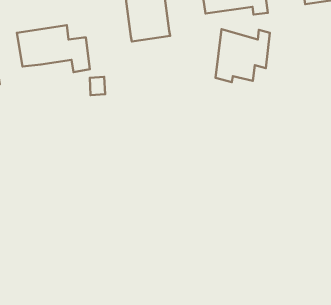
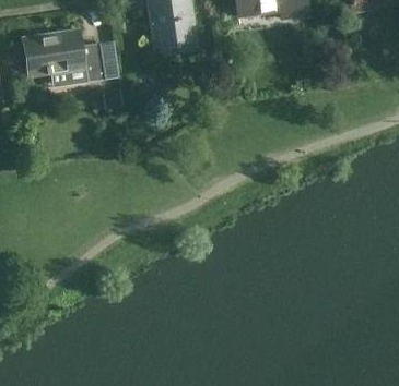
building: [216,29,270,82] -> none

